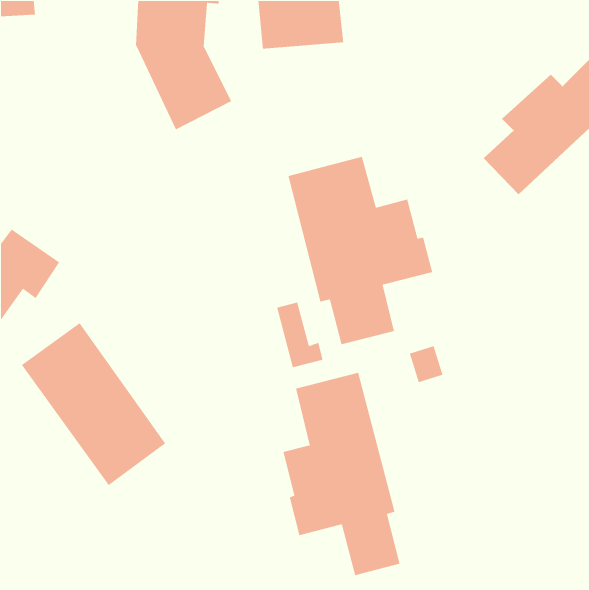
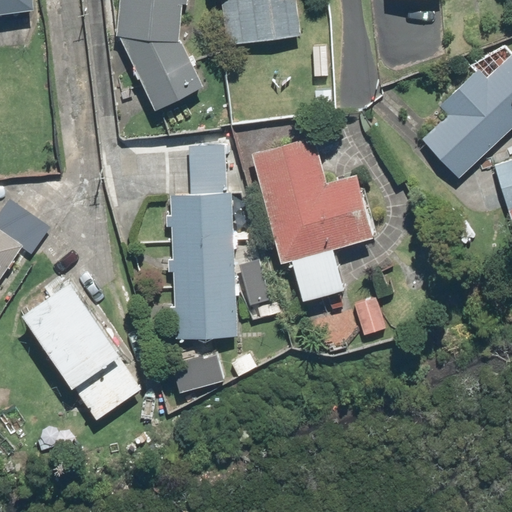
building: none -> [165,143,236,340]
building: [282,372,401,576] -> none
building: none -> [172,351,226,389]

